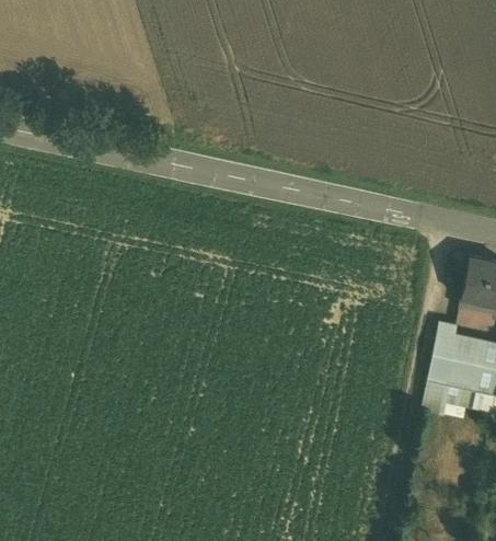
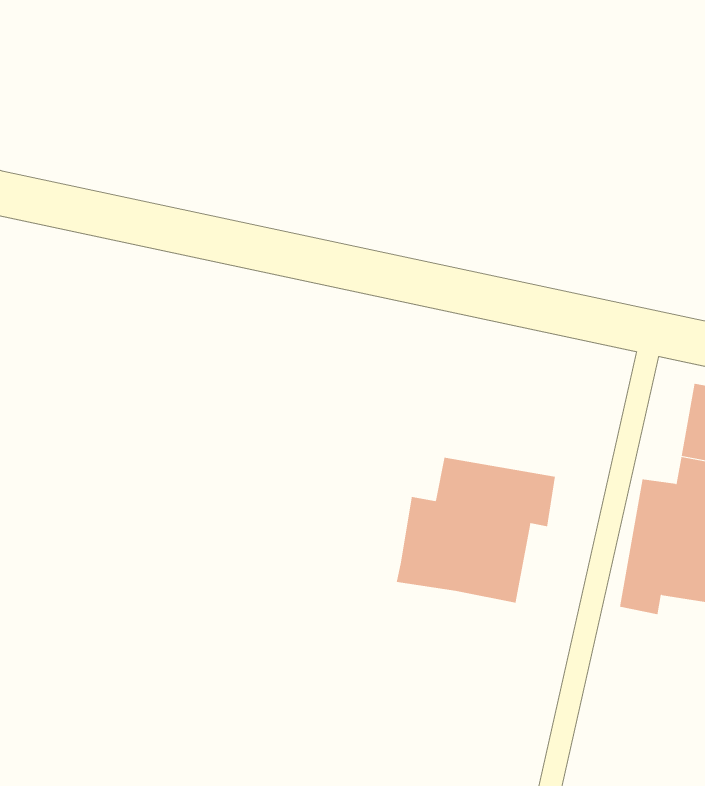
building: none -> [396,457,555,603]

